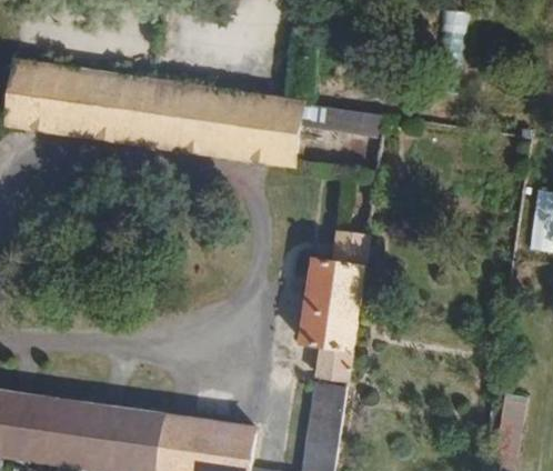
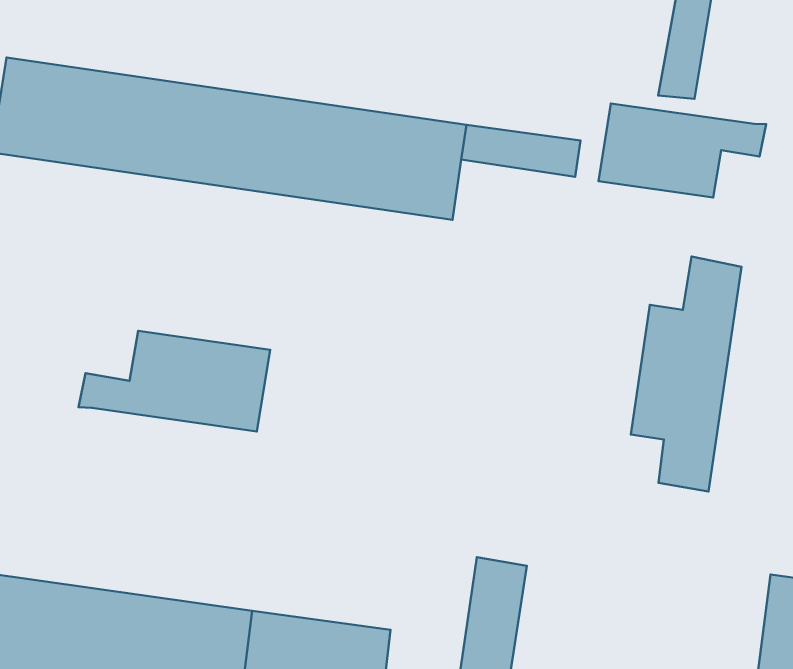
building: none -> [599,104,766,198]
building: [298,228,369,379] -> [631,256,741,492]
building: none -> [78,331,270,432]

